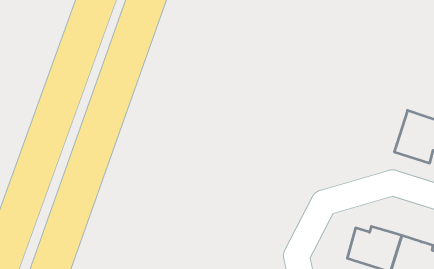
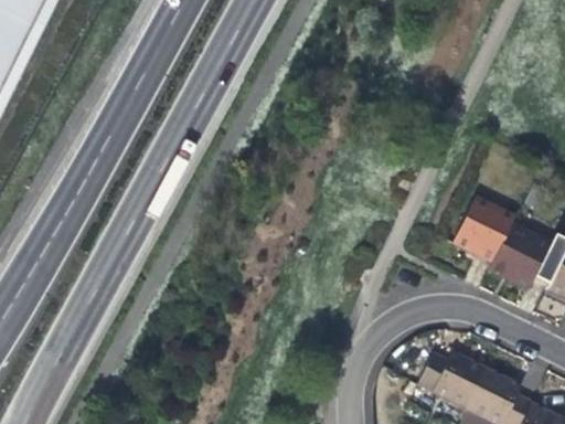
building: none -> [455,198,515,261]

